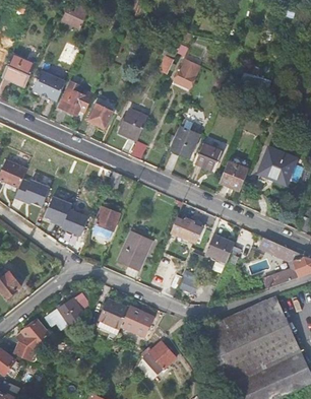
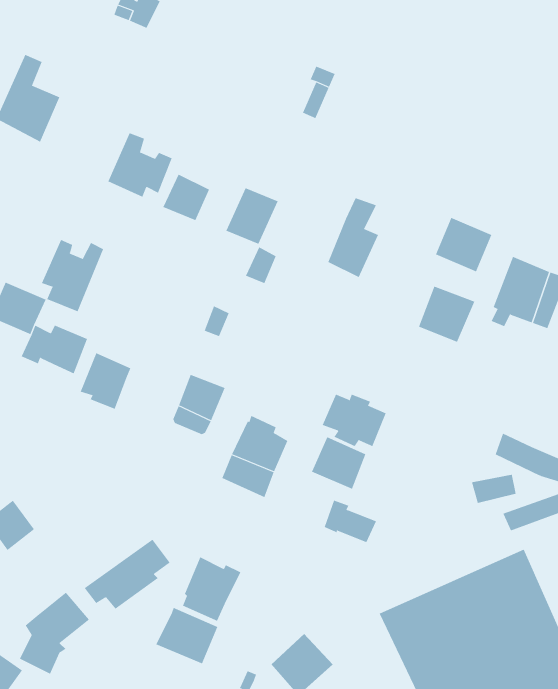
building: [173,59,199,88] -> none
building: [34,70,65,98] -> none
building: none -> [41,239,104,312]
building: [194,142,224,171] -> [435,217,492,272]
building: [62,208,88,235] -> none
building: [205,234,234,261] -> [311,437,366,490]
building: [120,306,152,335] -> [155,607,218,664]

